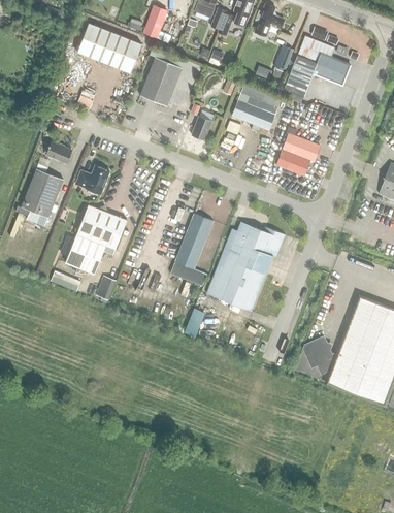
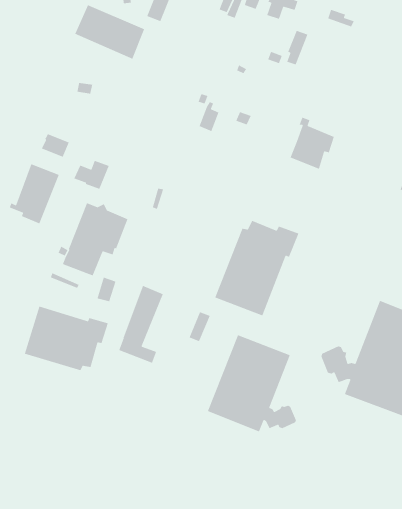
building: [285,35,350,95] -> none
building: [140,46,186,106] -> none
building: [232,83,277,131] -> none
building: [171,213,214,286] -> [118,285,164,364]
building: none -> [24,305,109,371]
building: none -> [207,334,297,433]

